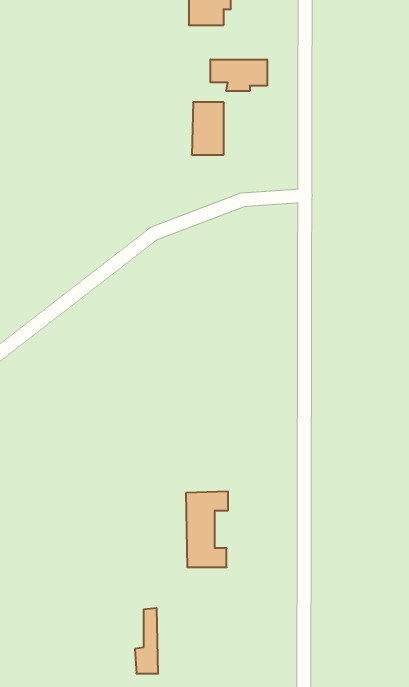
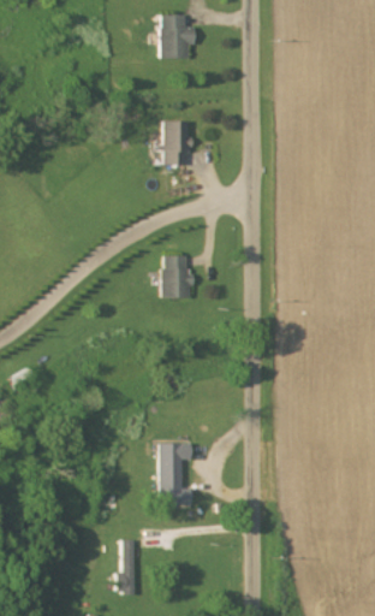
building: [210,59,267,91] -> none
building: none -> [163,255,191,297]

